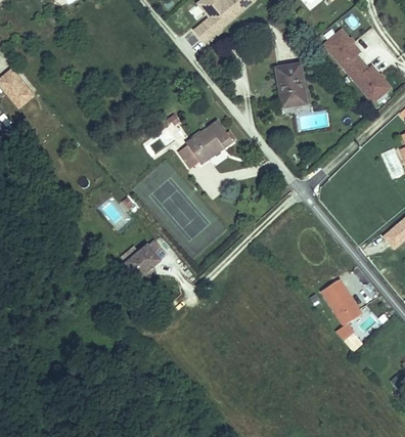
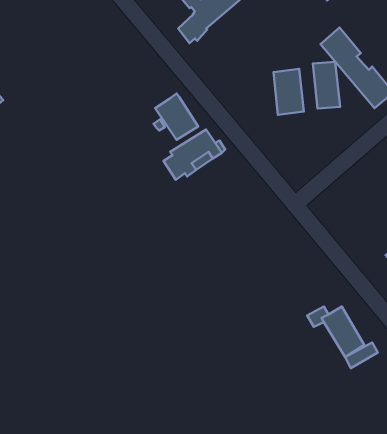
building: none -> [313,62,340,109]
building: none -> [155,93,198,140]
building: [121,241,160,285] -> none

